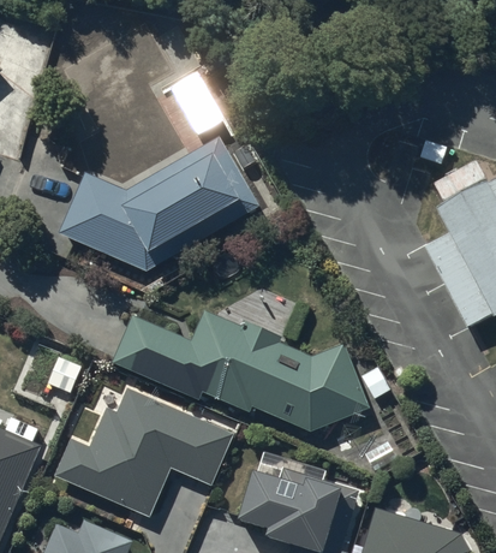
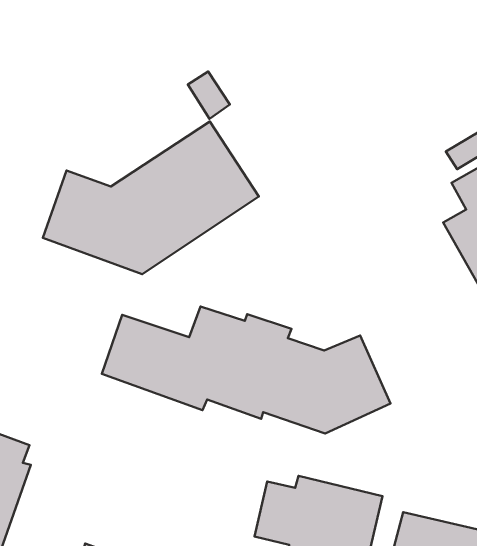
building: [55,386,233,516] -> none

